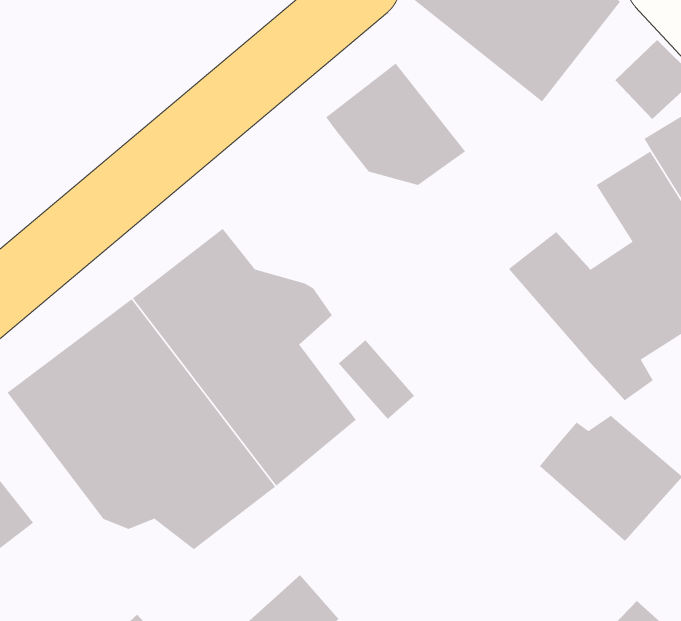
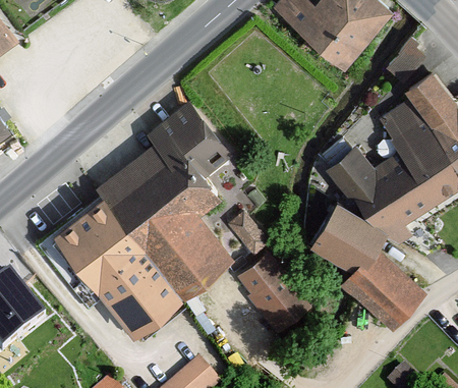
building: [325,62,466,186] -> [150,104,233,177]
building: none -> [308,202,394,275]
building: none -> [232,252,310,335]

